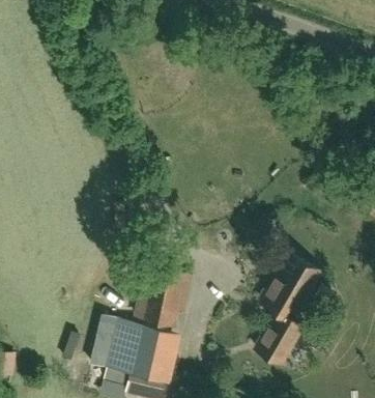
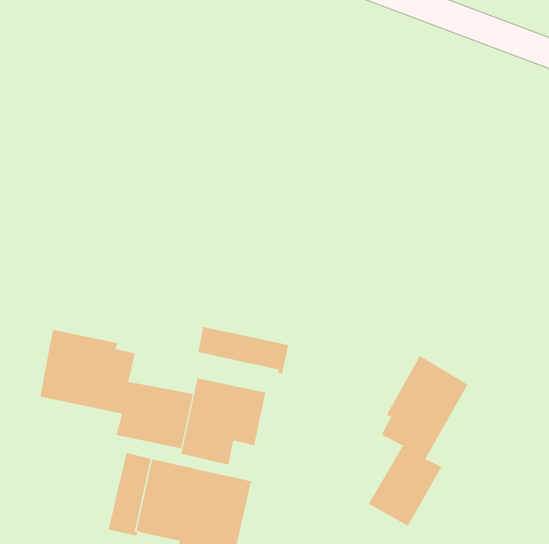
building: none -> [198,326,289,374]
building: none -> [40,329,193,449]

